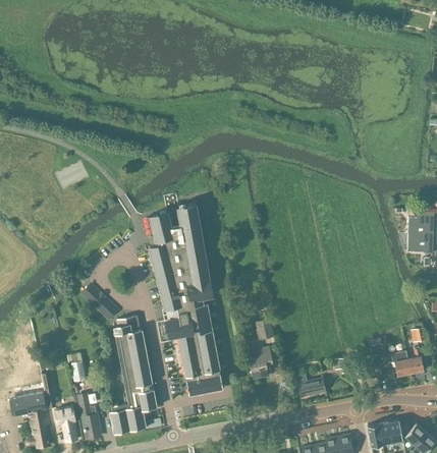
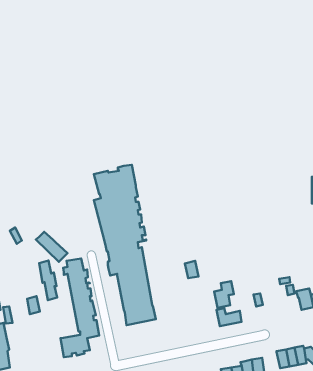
building: [250,348,273,380] -> [214,281,234,308]
building: [77,393,99,440] -> [39,261,57,300]
building: [55,408,77,444] -> none

